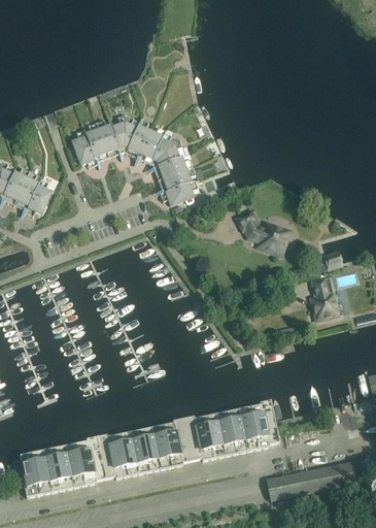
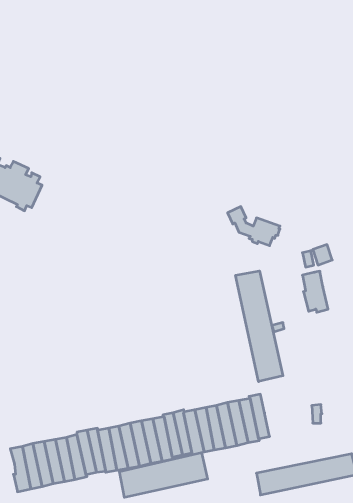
building: [73,113,198,203] -> none
building: none -> [236,271,283,382]
building: none -> [119,453,208,497]

